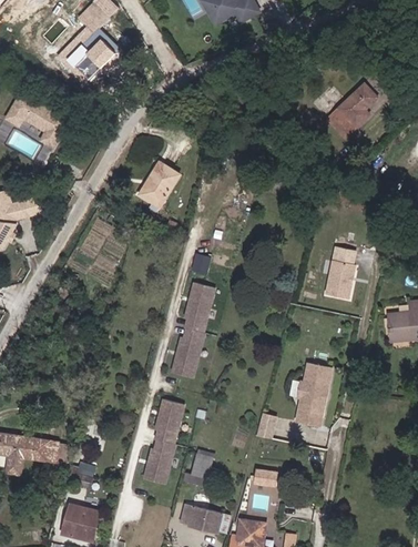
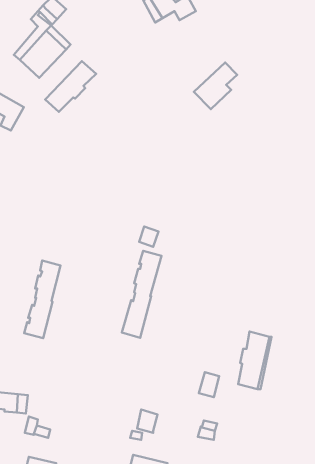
building: none -> [45,61,96,112]
building: [326,85,374,136] -> [194,63,237,109]
building: [136,163,179,210] -> none
building: [334,246,363,298] -> none
building: [143,395,183,480] -> [24,260,60,338]

